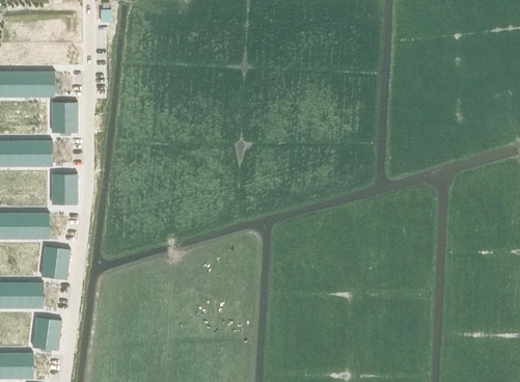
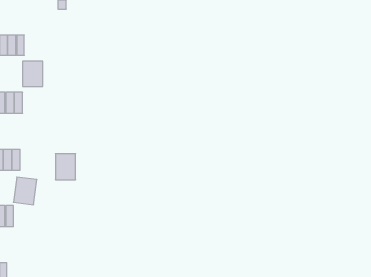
building: [51,172,76,204] -> [55,154,76,180]
building: [32,315,60,349] -> none

